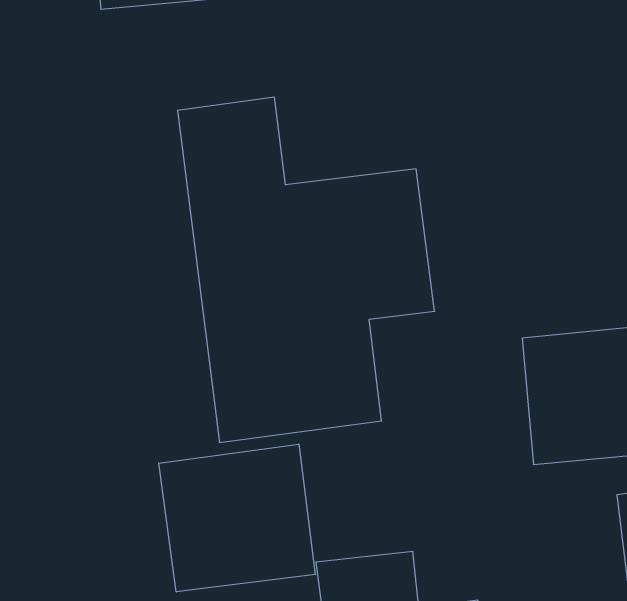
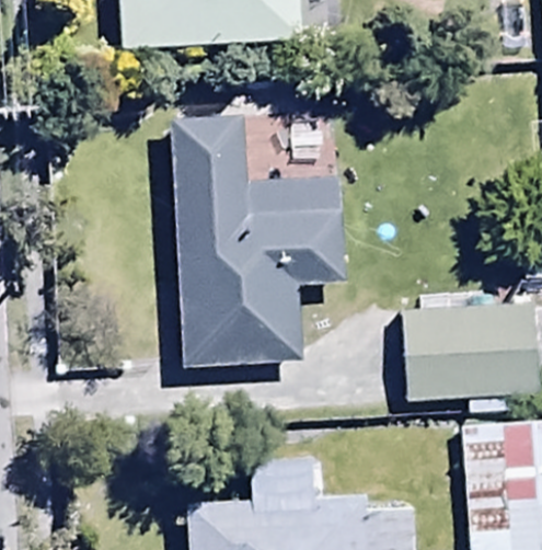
building: [159,444,315,592] -> none

